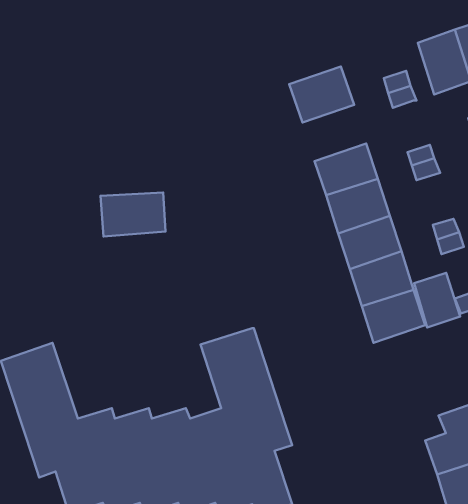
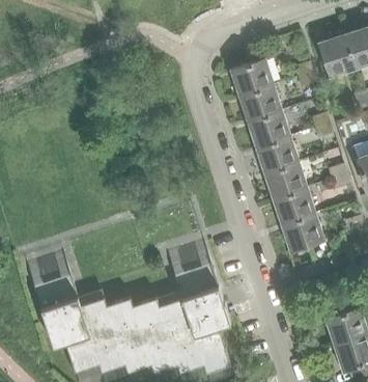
building: none -> [238,84,283,124]
building: [101,193,166,236] -> none
building: [414,273,460,327] -> none

